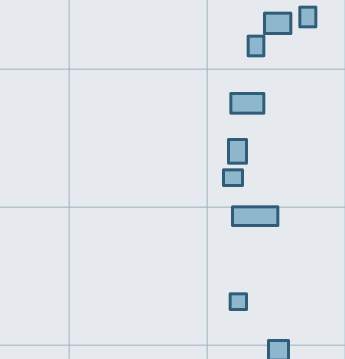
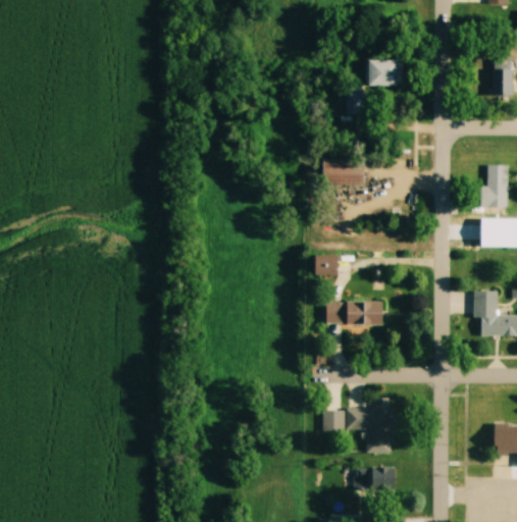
building: [300,7,316,27] -> none
building: [229,139,246,163] -> none
building: none -> [346,408,395,453]

